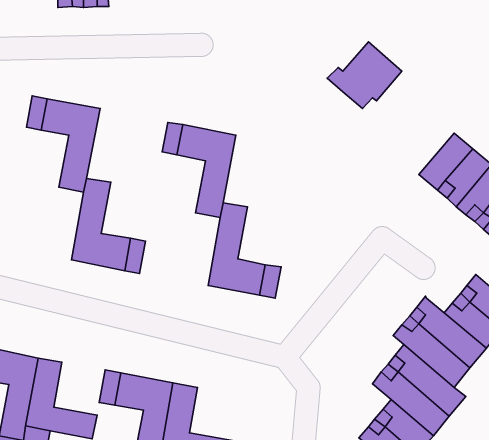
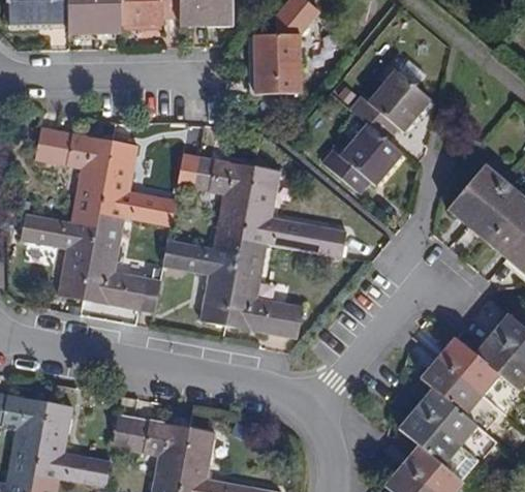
building: none -> [253,32,301,91]
building: none -> [323,122,404,193]
building: none -> [98,140,175,225]
building: none -> [242,167,345,257]
building: none -> [20,214,95,299]
building: none -> [163,240,239,326]

